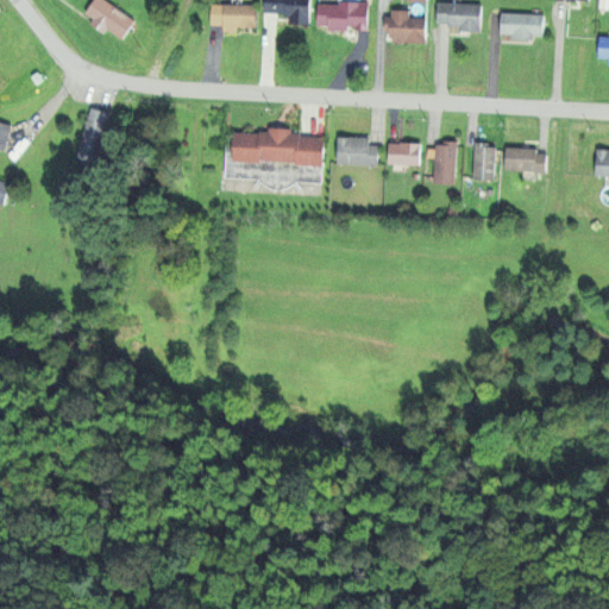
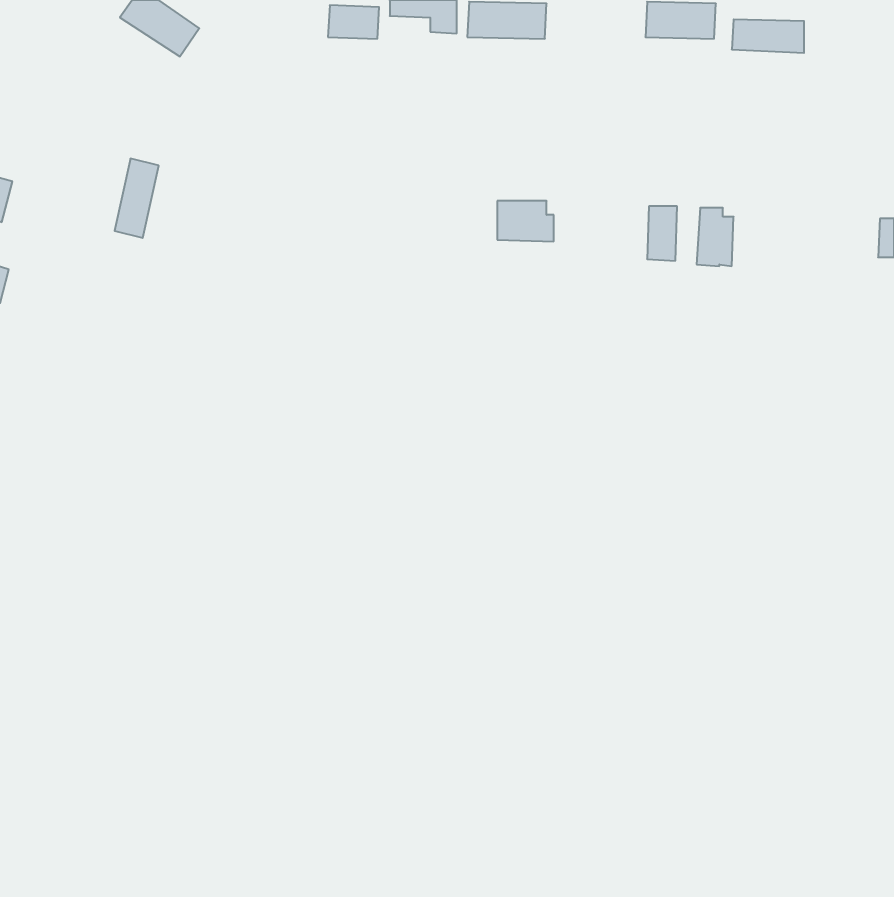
building: [381,10,425,44] -> none
building: [232,127,327,167] -> none
building: [387,143,420,167] -> none
building: [503,149,546,171] -> none

